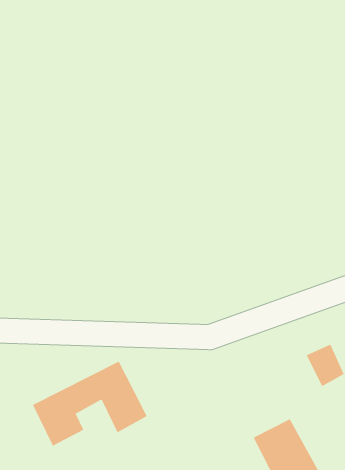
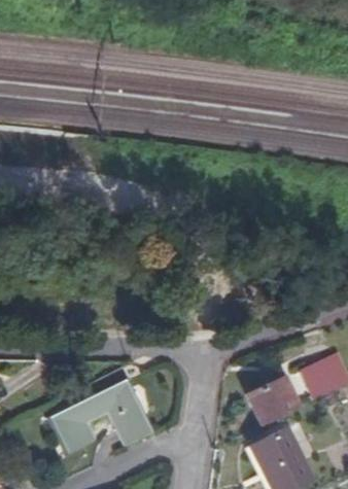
building: none -> [248,377,299,425]

